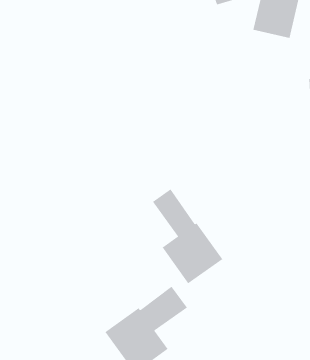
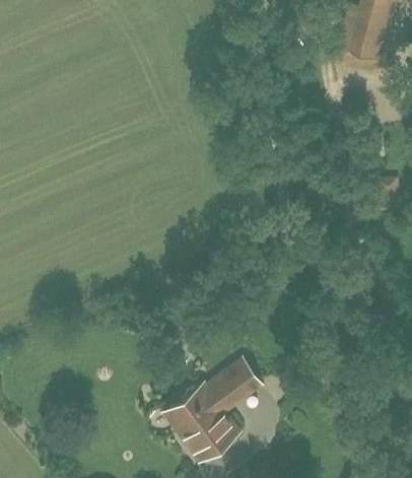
building: [152,188,223,284] -> none

